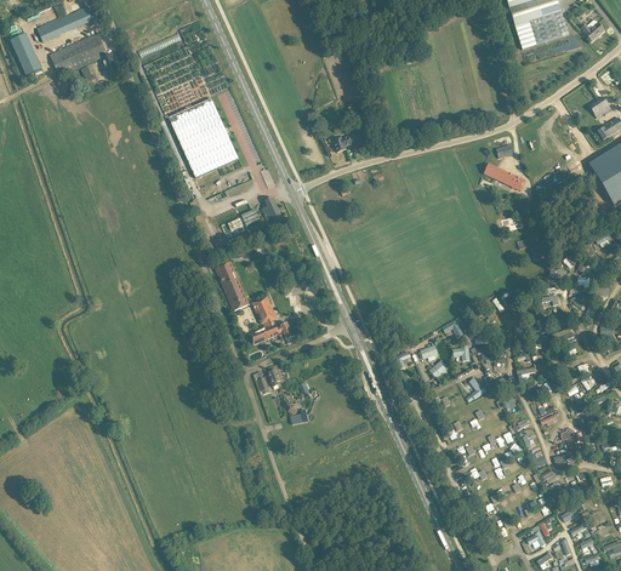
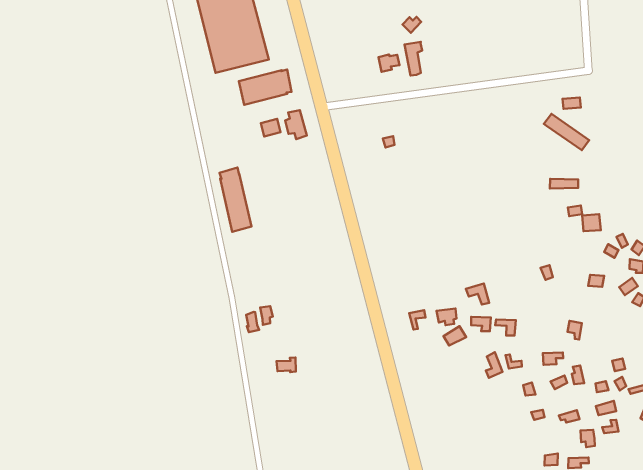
building: none -> [239,69,292,105]
building: [249,296,292,346] -> none

